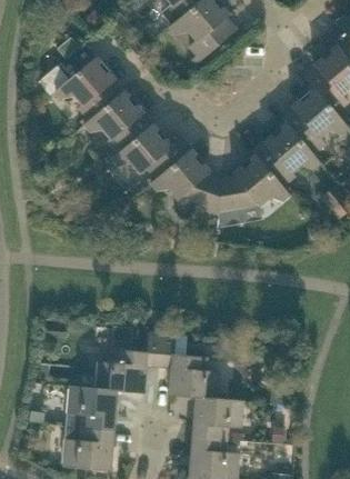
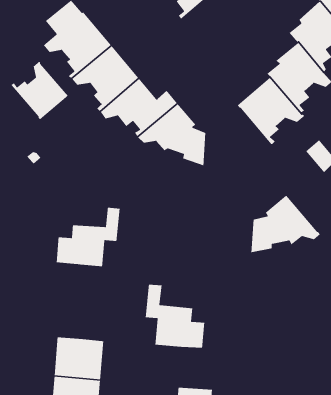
building: none -> [11,60,69,120]
building: [219,157,290,216] -> [250,195,321,253]
building: [97,333,162,395] -> [56,207,120,267]
building: [192,399,244,441] -> none

